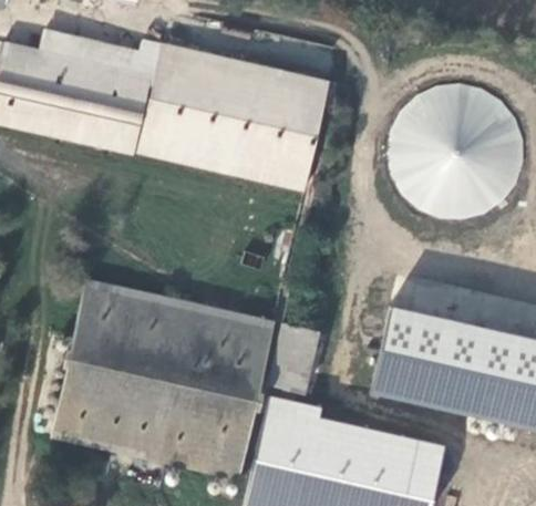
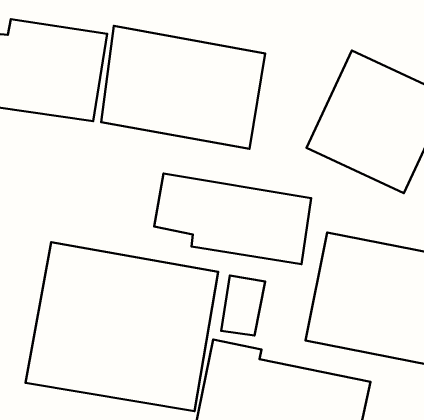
building: none -> [154,174,311,264]

